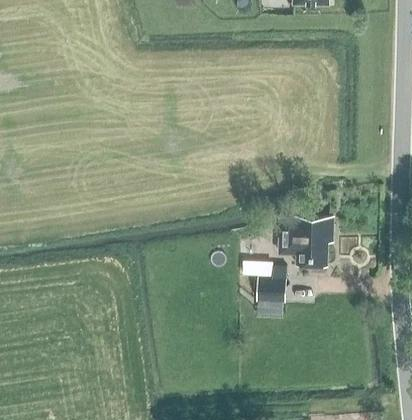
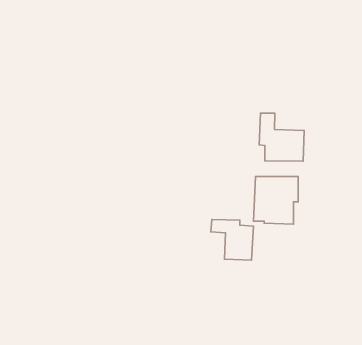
building: none -> [259,113,304,161]

